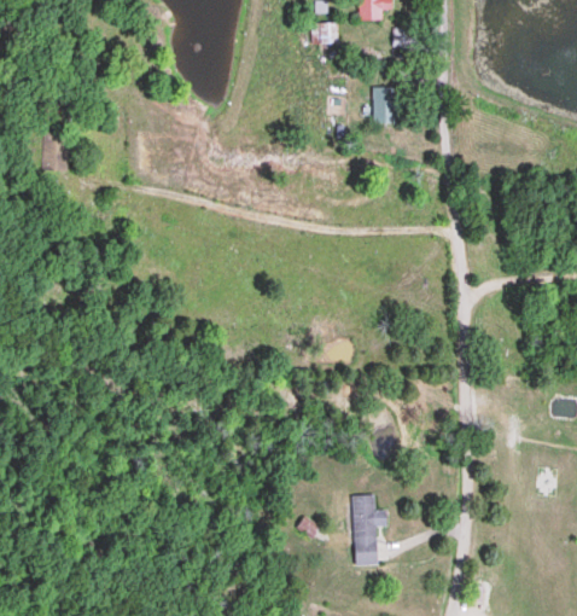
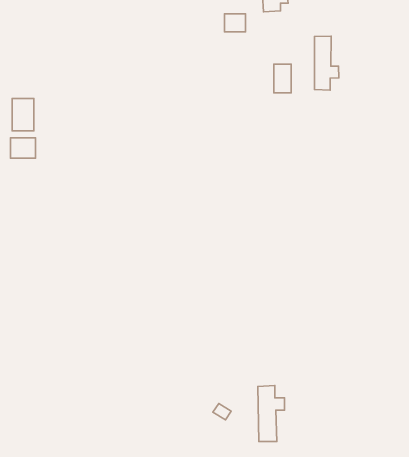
building: none -> [314,36,339,90]
building: none -> [11,138,35,158]

